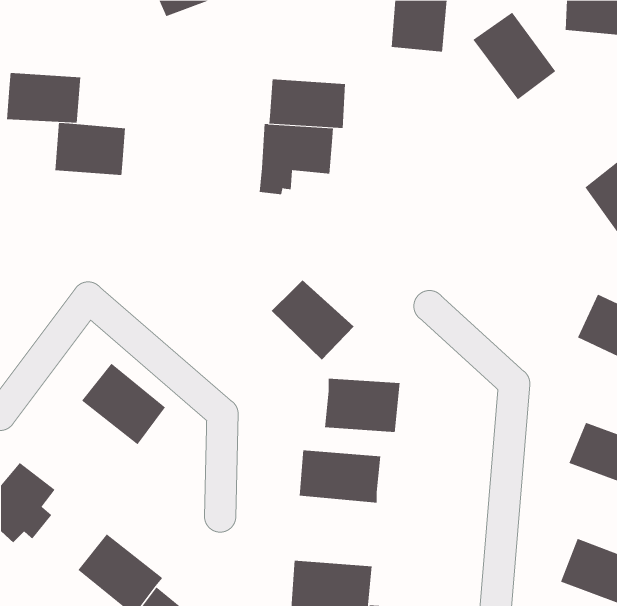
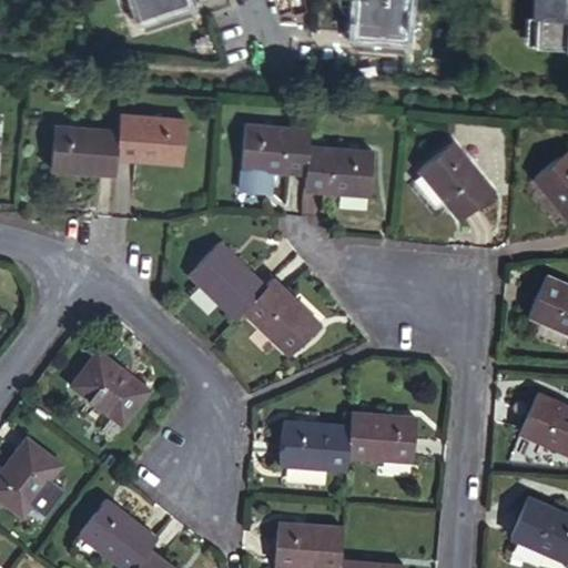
building: [473,12,556,100] -> [424,149,500,230]
building: [6,72,81,123] -> [114,114,183,161]
building: [268,79,346,129] -> [303,141,374,186]
building: none -> [194,235,270,308]
building: [324,378,400,432] -> [347,417,417,467]

